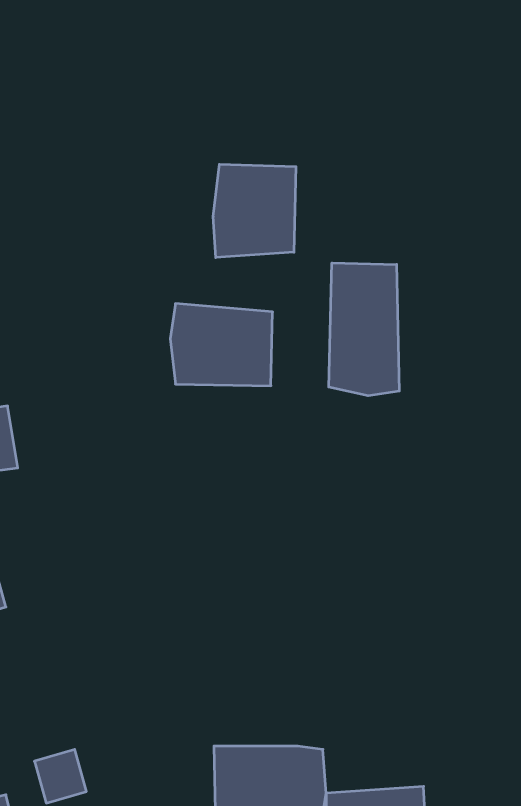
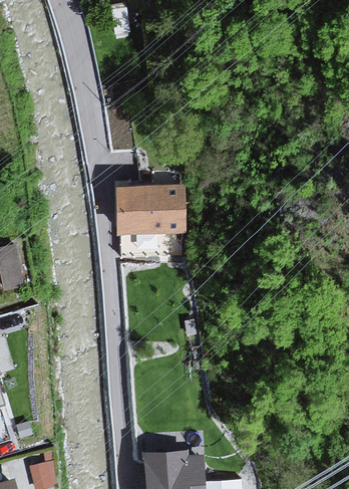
building: [213,164,296,258] -> none
building: [329,263,399,396] -> none

